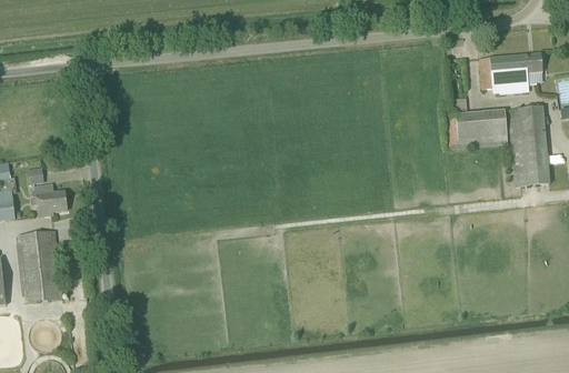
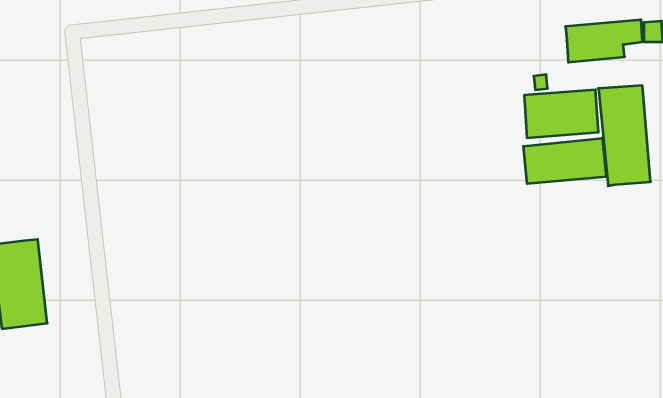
building: none -> [523,138,606,184]
building: [34,183,66,215] -> none

